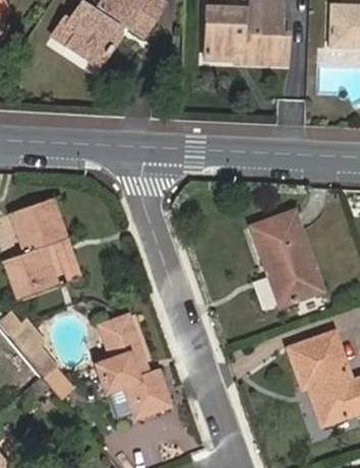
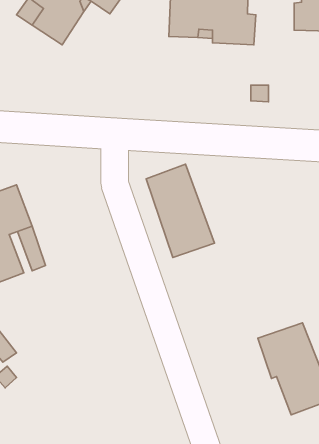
building: [254,211,321,303] -> [146,164,214,258]
building: [97,317,169,415] -> none

